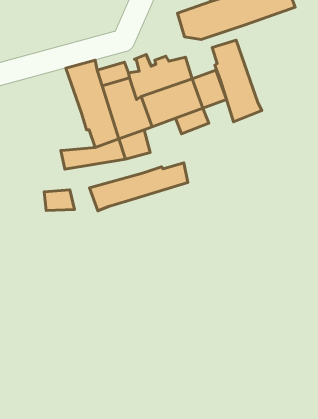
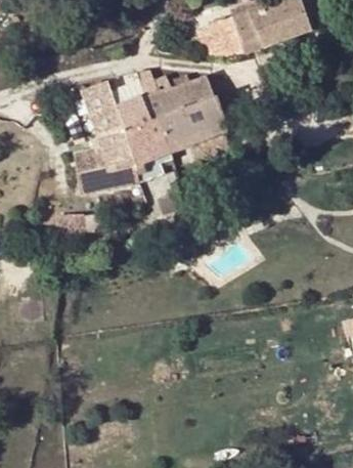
building: [212,40,262,122] -> none
building: none -> [71,134,111,173]
building: [89,163,188,211] -> none

